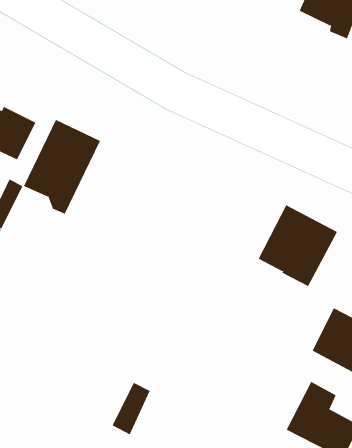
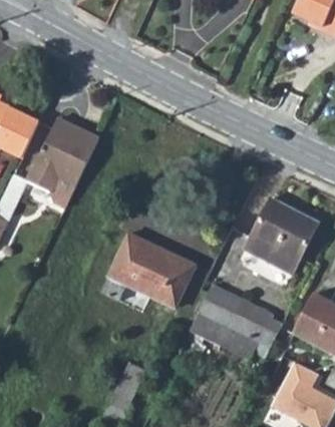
building: none -> [101,232,198,306]
building: none -> [191,284,274,359]

